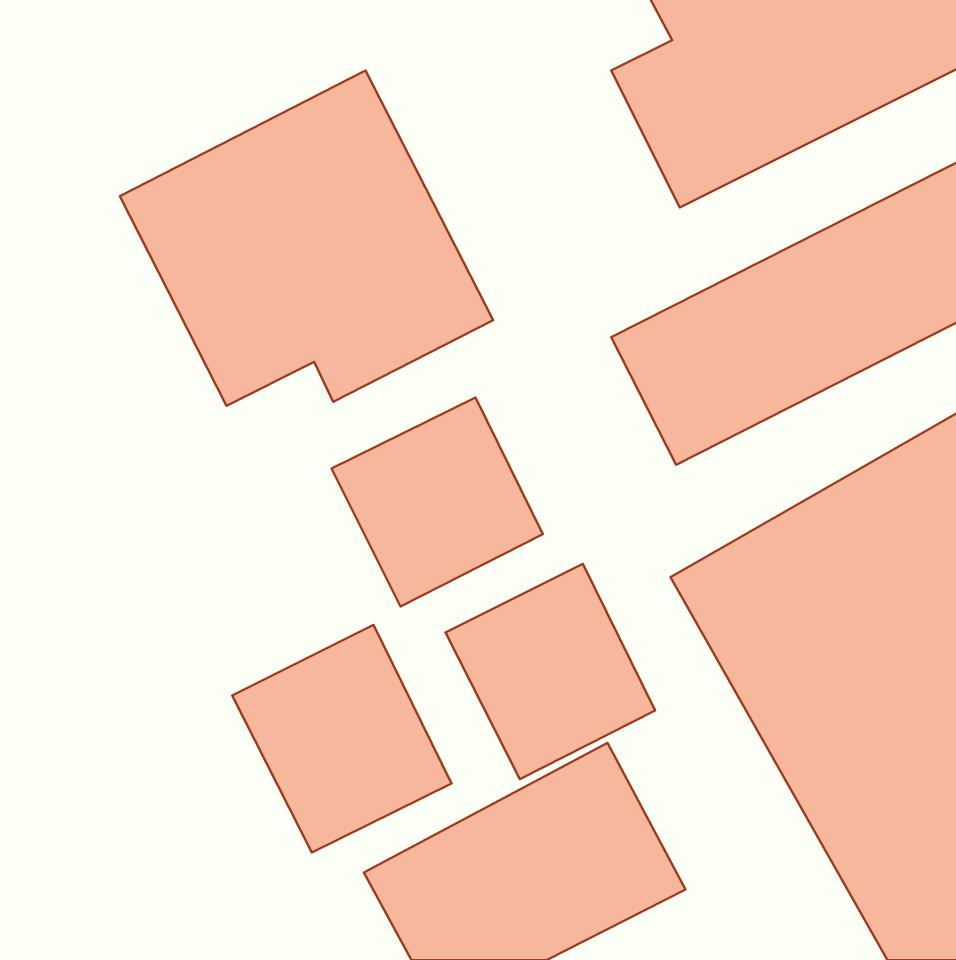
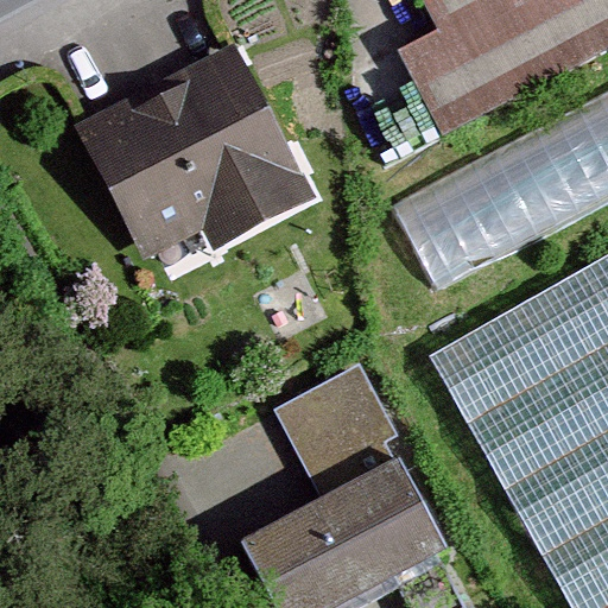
building: [331,398,543,607] -> none
building: [232,625,452,852] -> none

